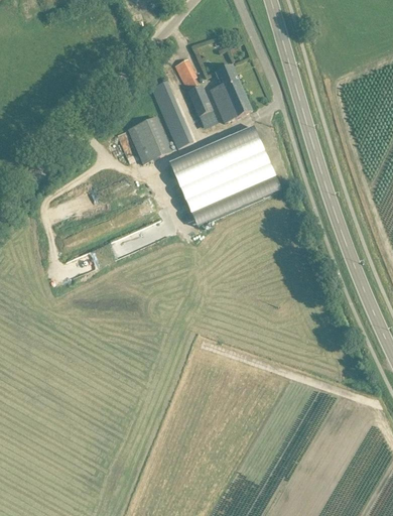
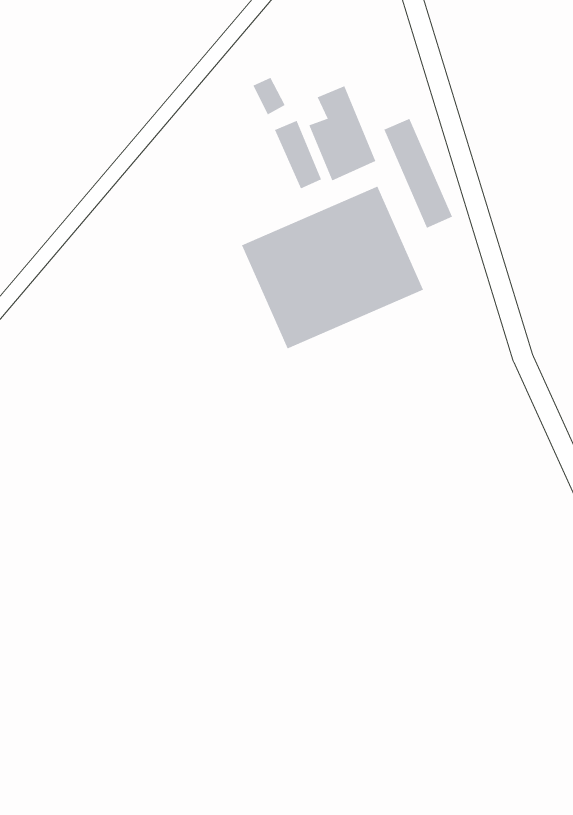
building: [150,82,192,149] -> [384,118,453,228]
building: [128,116,170,162] -> none

